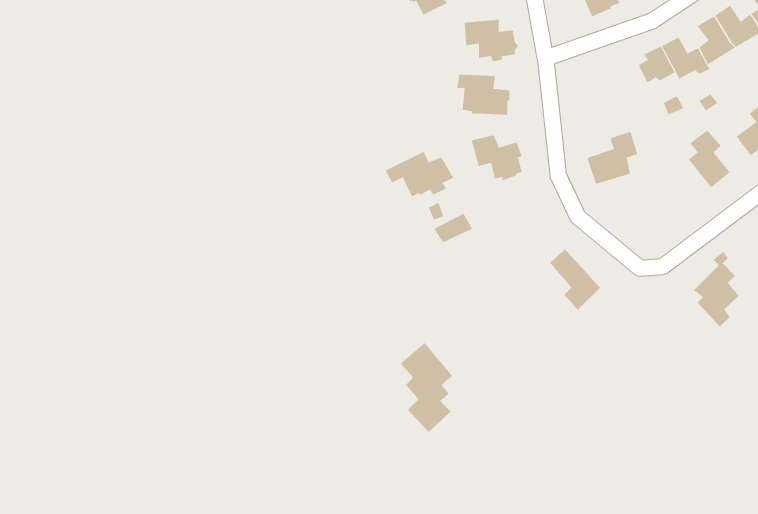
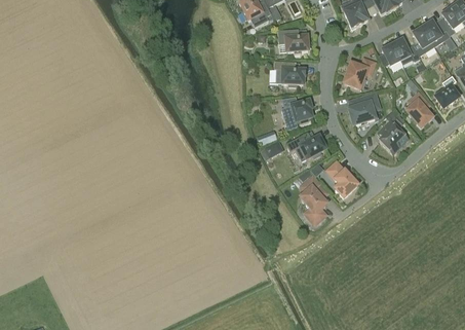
building: none -> [345,58,376,87]
building: [385,151,454,197] -> [286,133,326,159]
building: [693,251,739,327] -> [378,109,404,153]
building: [400,342,453,433] -> [299,174,330,226]

